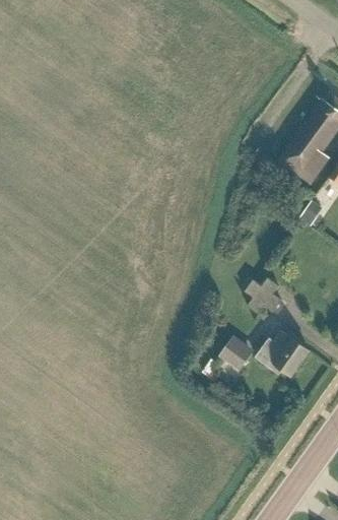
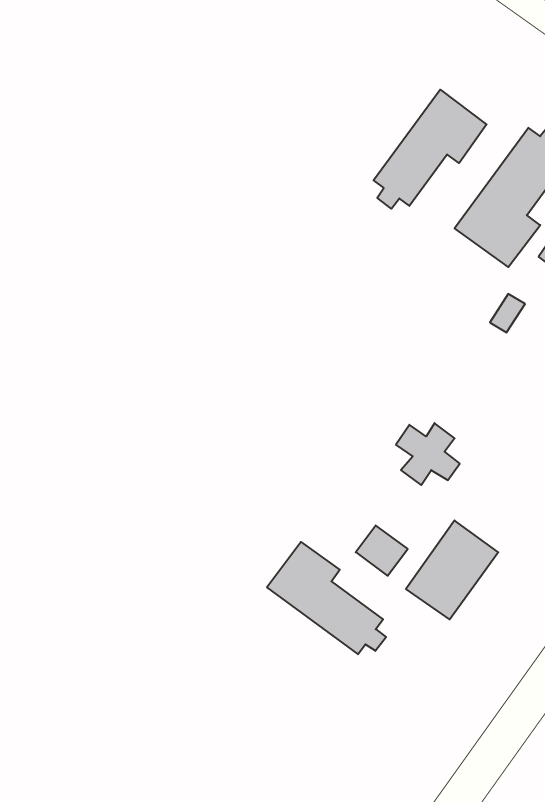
building: none -> [374,90,487,209]
building: none -> [267,542,386,654]

